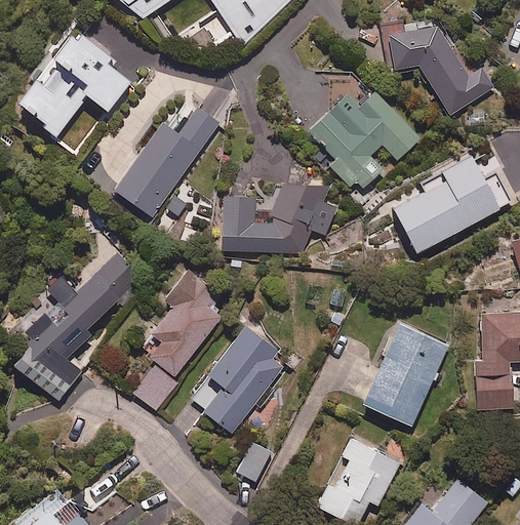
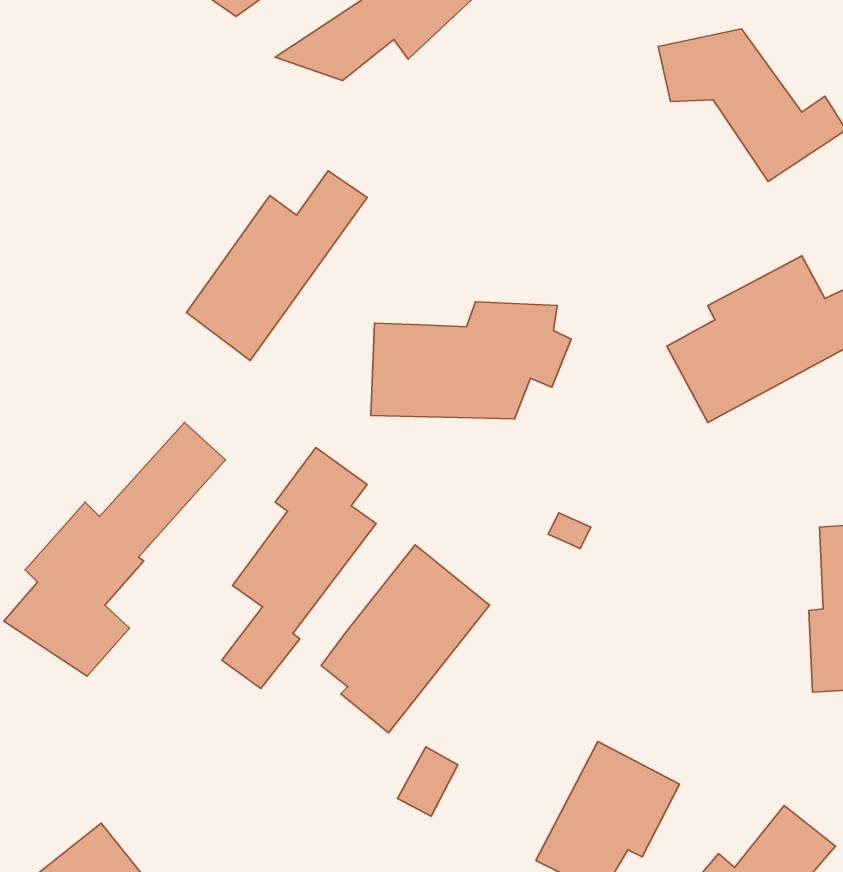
building: [16,31,130,136] -> none
building: [310,90,422,192] -> none
building: [364,324,447,426] -> none

